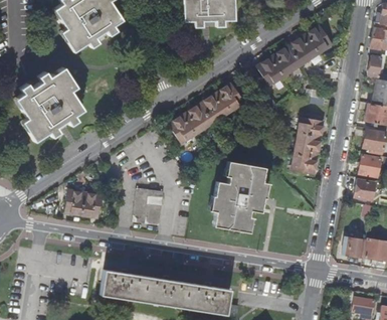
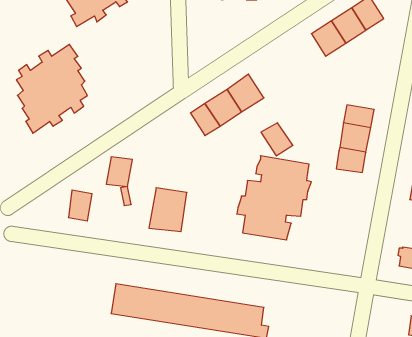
building: [256,56,282,85] -> none
building: [217,83,244,111] -> [261,123,293,156]
building: [80,192,103,217] -> [106,157,132,187]

